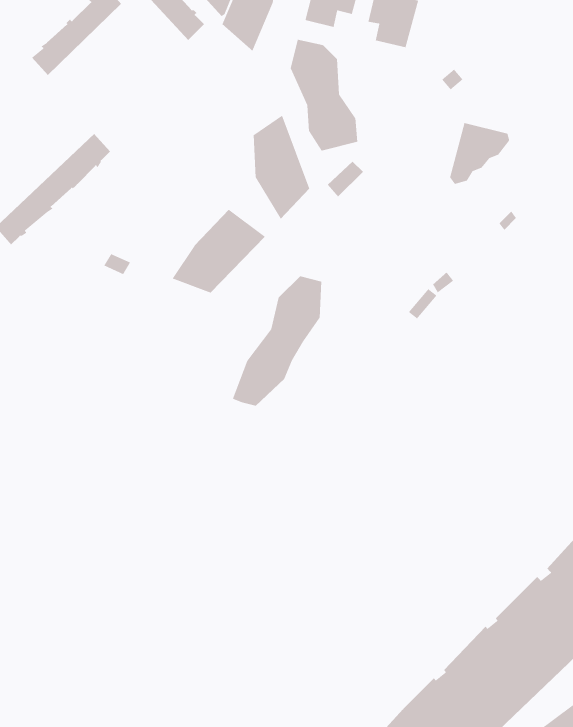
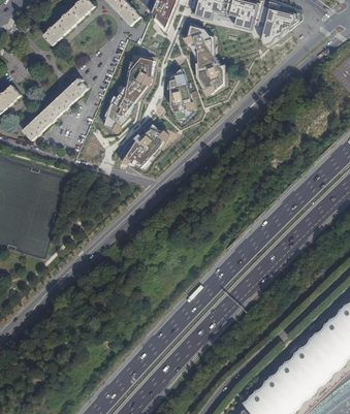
building: [449,122,510,185] -> [262,8,296,43]
building: [232,275,322,407] -> [103,57,154,130]

